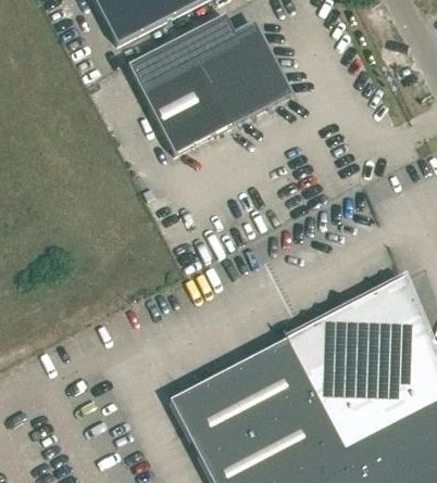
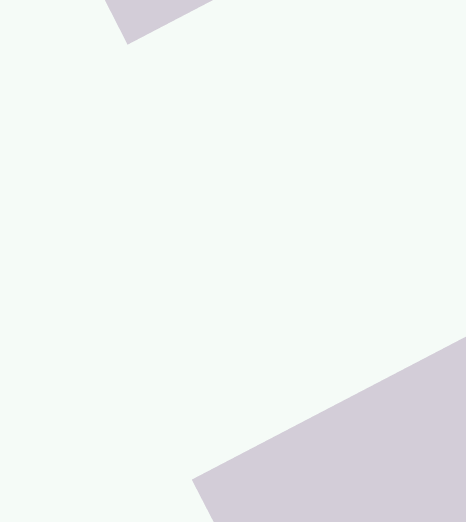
building: [128,14,291,153] -> none

